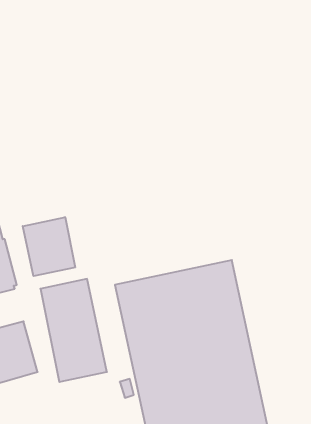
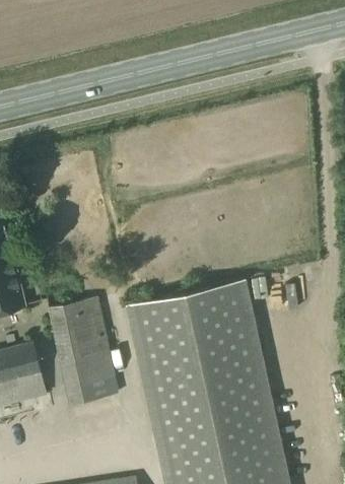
building: [23,217,75,276] -> none

